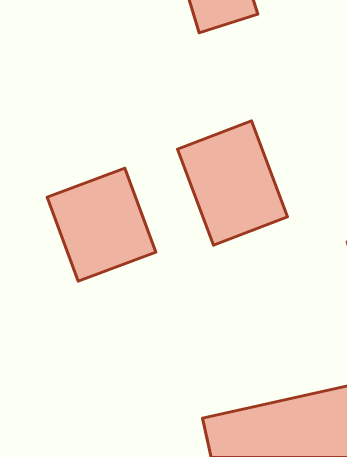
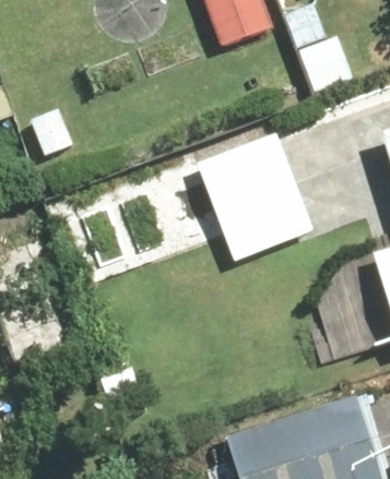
building: [47,168,156,281] -> none

